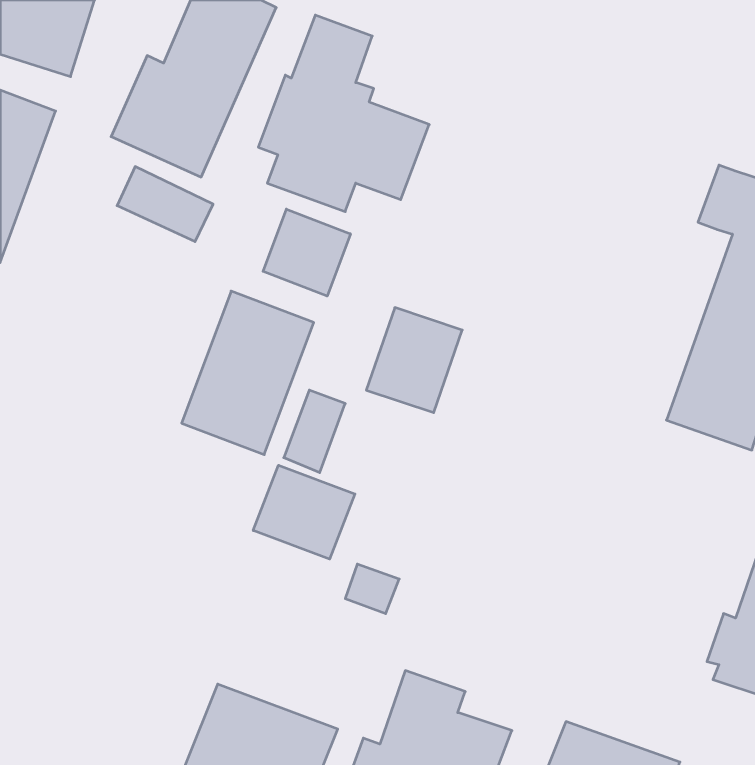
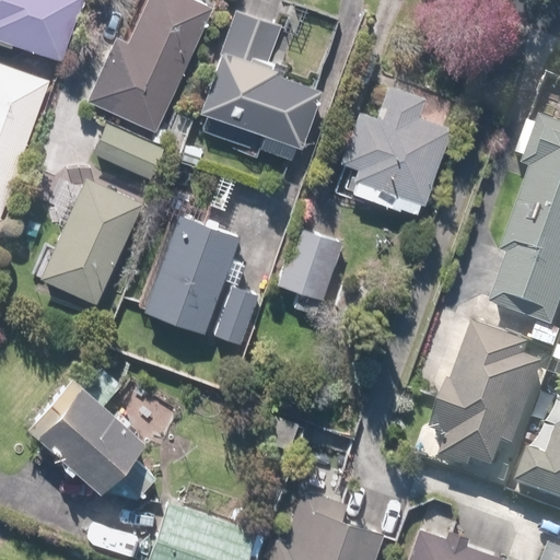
building: none -> [332,96,442,230]
building: [263,209,350,296] -> none
building: none -> [40,177,145,305]
building: none -> [436,328,548,475]
building: [253,465,355,559] -> none
building: none -> [28,369,149,493]

